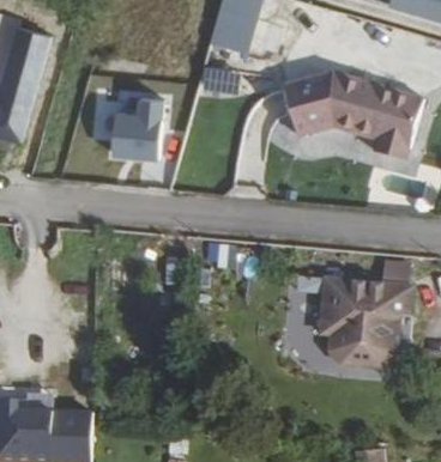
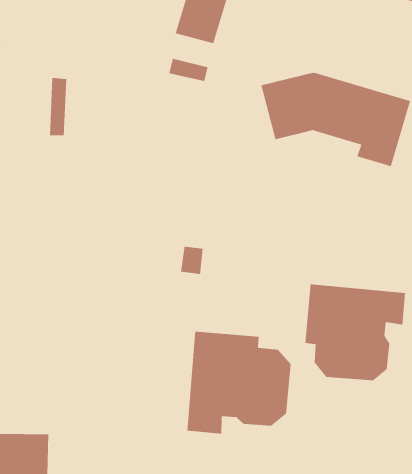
building: [107,96,161,156] -> none
building: none -> [187,331,291,435]

